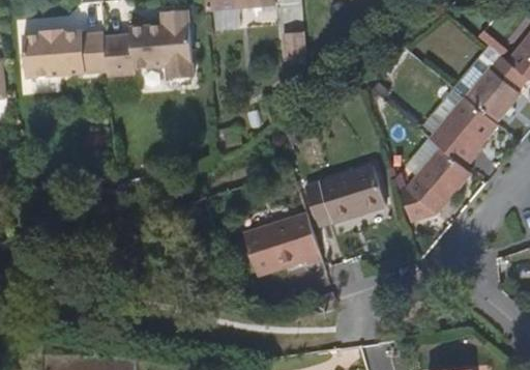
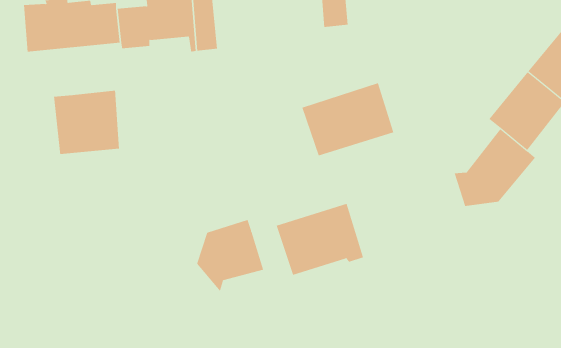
building: none -> [54,90,120,155]
building: [304,162,385,226] -> [301,83,394,156]
building: none -> [197,219,264,292]

